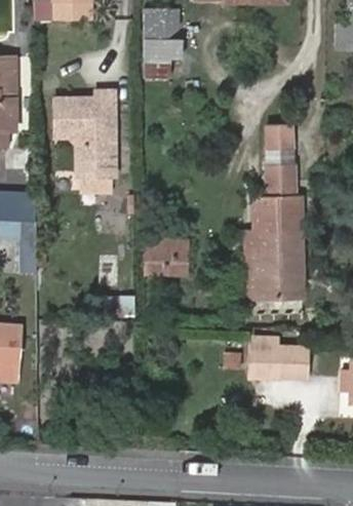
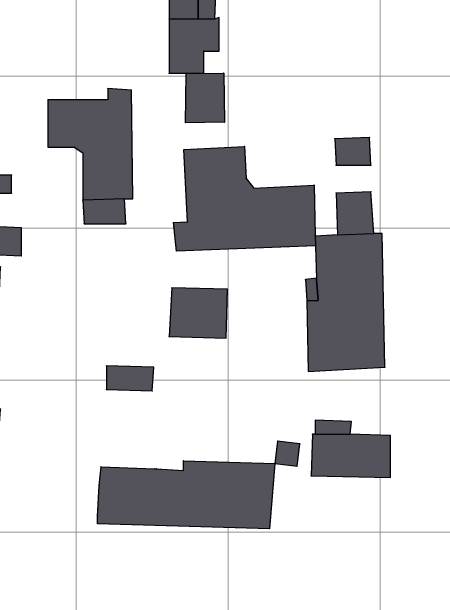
building: none -> [186,73,225,123]
building: none -> [173,146,316,251]
building: none -> [98,461,275,529]

